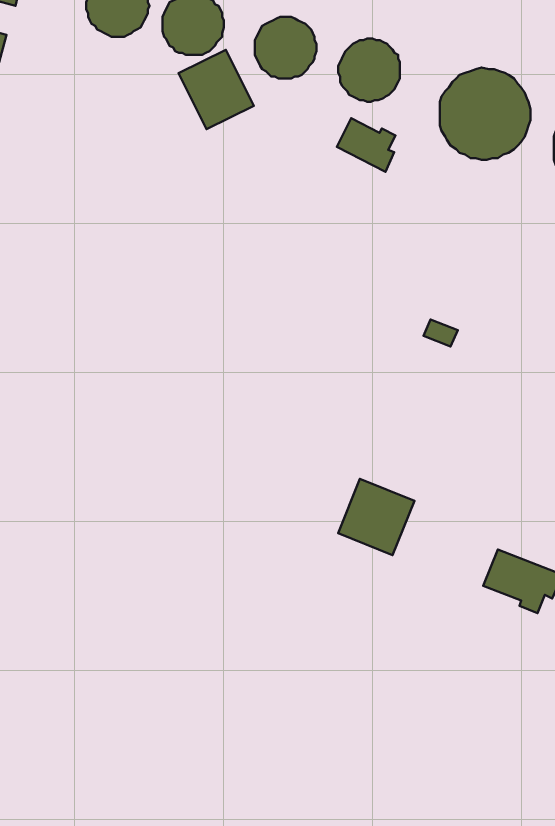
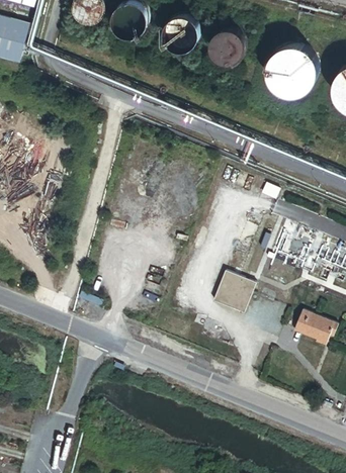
building: [178,50,254,129] -> none
building: [337,118,395,172] -> none

